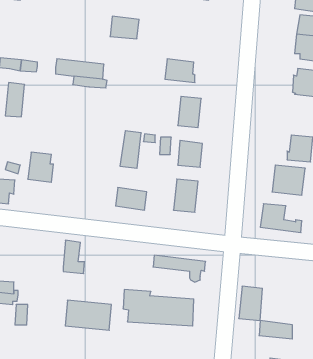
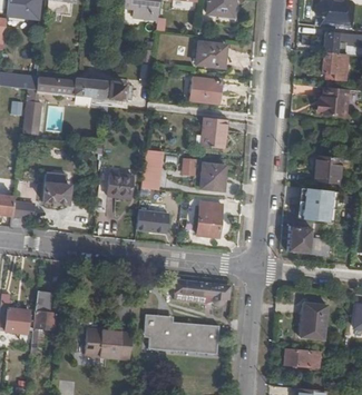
building: [110,16,139,39] -> [196,41,226,65]
building: none -> [108,165,134,196]
building: [63,240,85,274] -> [35,289,57,324]
building: [239,286,262,321] -> [303,305,327,340]

